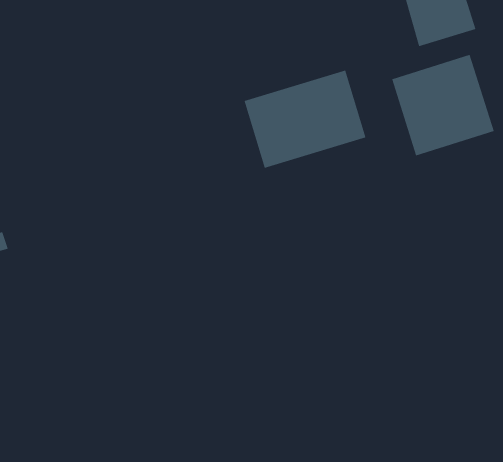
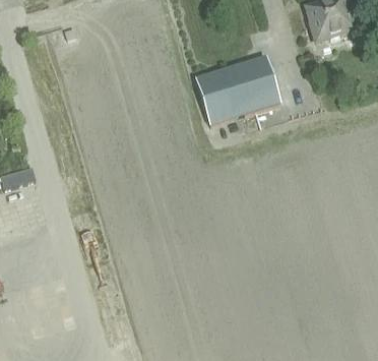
building: [391,54,495,156] -> none

